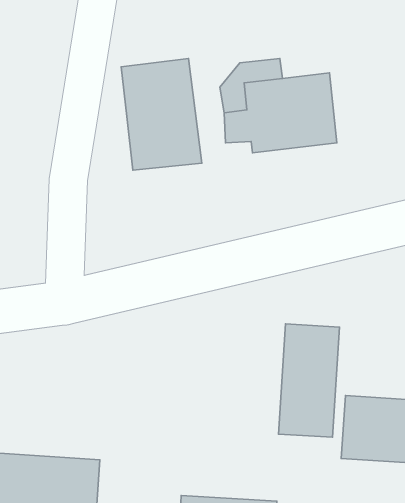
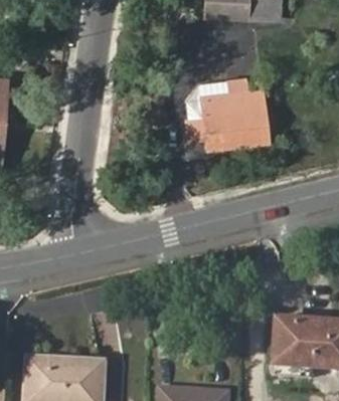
building: [121,59,202,170] -> none
building: [279,324,339,437] -> none

